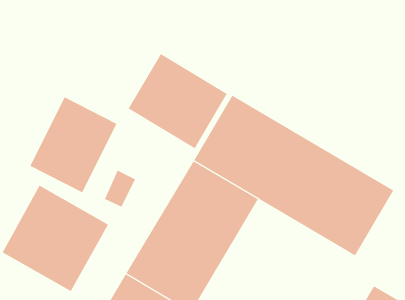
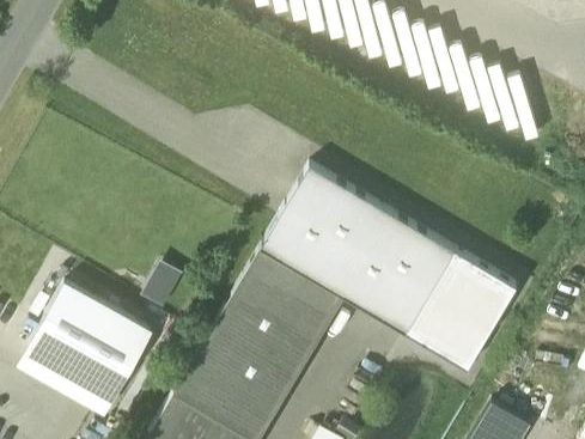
building: [128,53,228,149] -> none
building: [30,96,117,193] -> none

